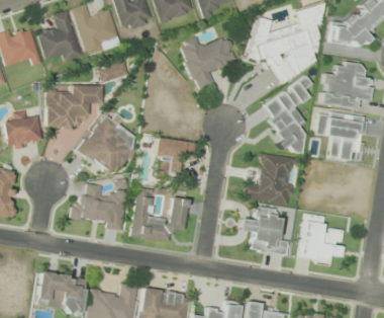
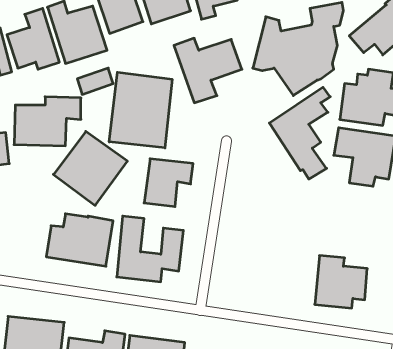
building: none -> [109,72,172,148]
building: [243,153,296,205] -> none
building: [239,206,289,256] -> none

